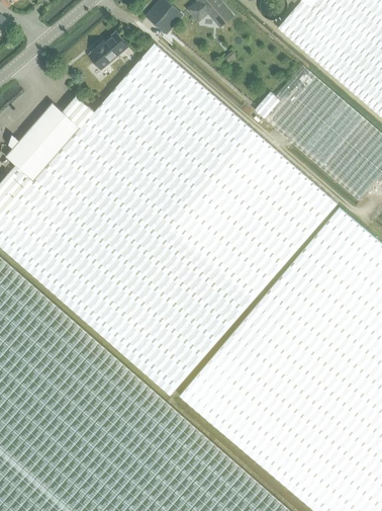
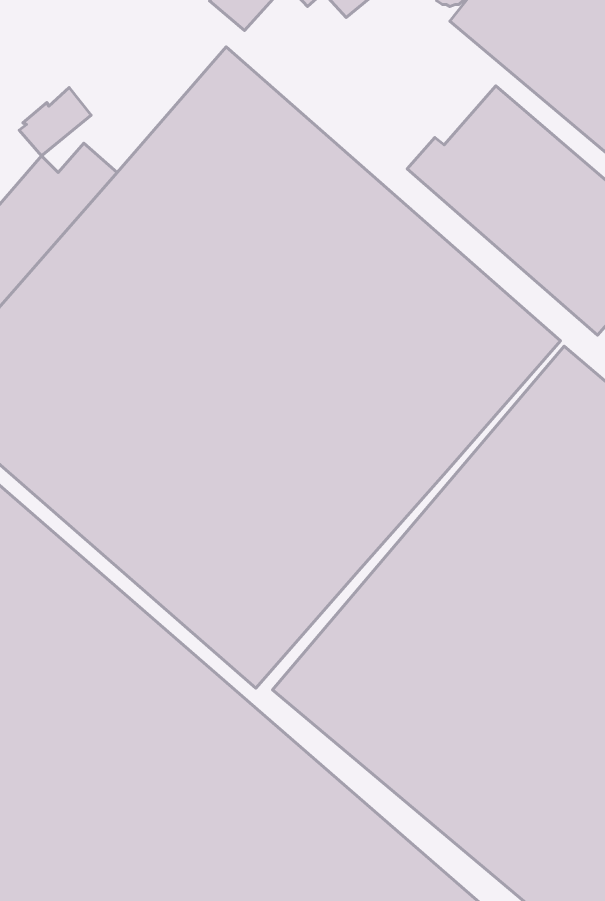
building: [89,31,128,69] -> [19,88,91,156]

